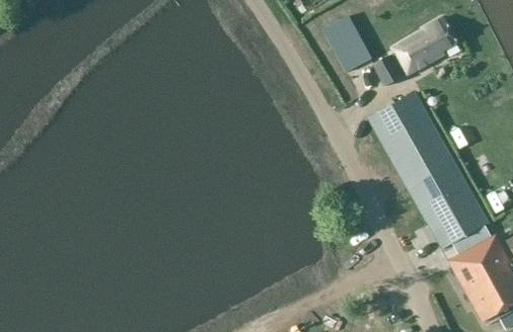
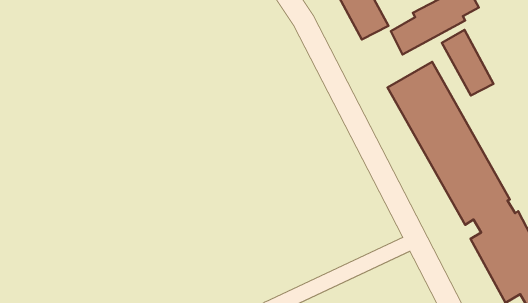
building: none -> [442,30,494,95]

